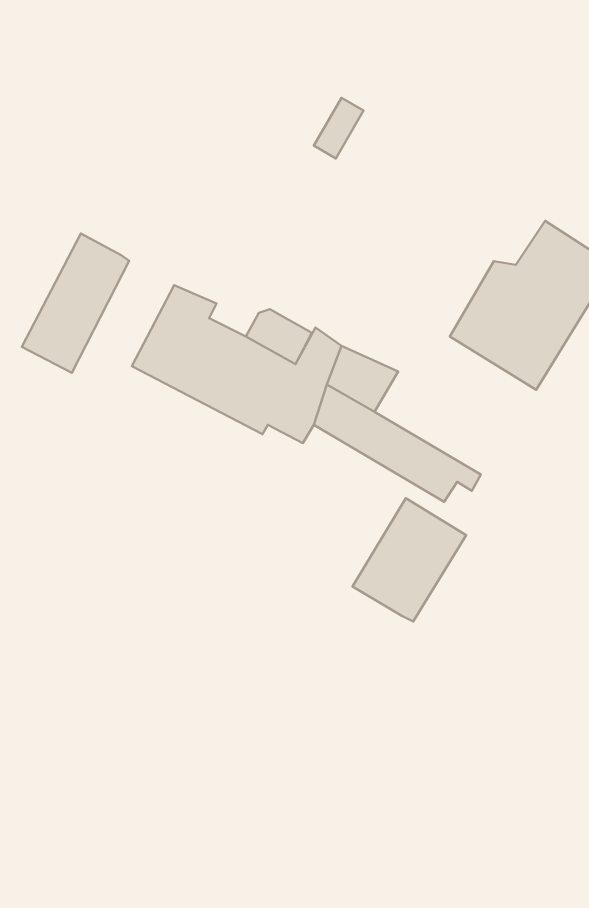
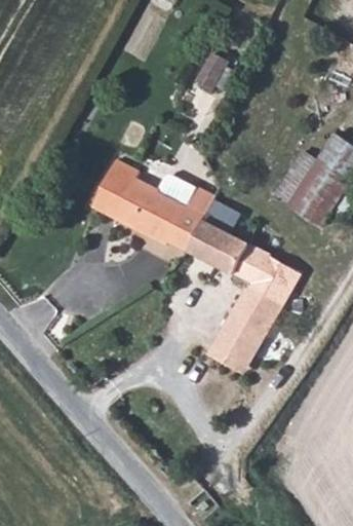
building: [22,233,129,373] -> none
building: none -> [203,333,247,376]

